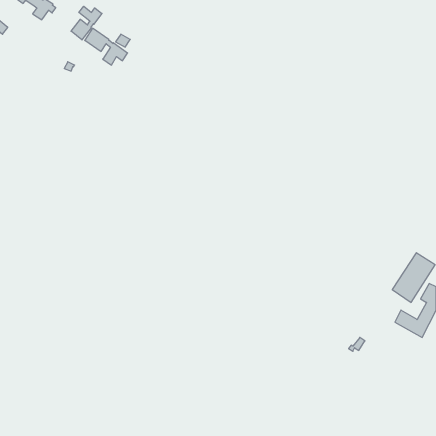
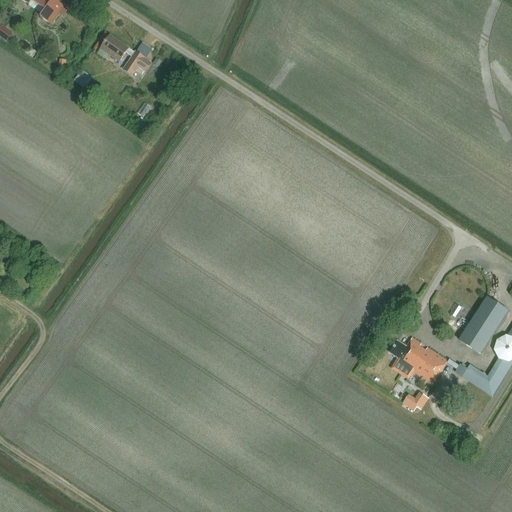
building: [71,6,102,40] -> none
building: none -> [389,337,447,386]

